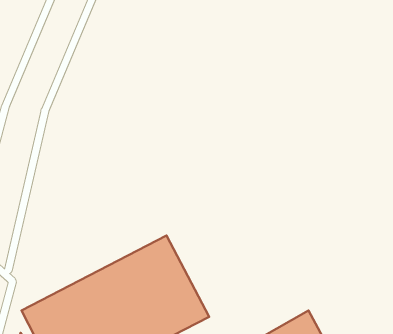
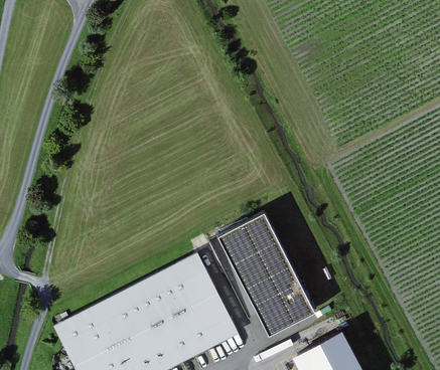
building: none -> [213,213,311,337]

